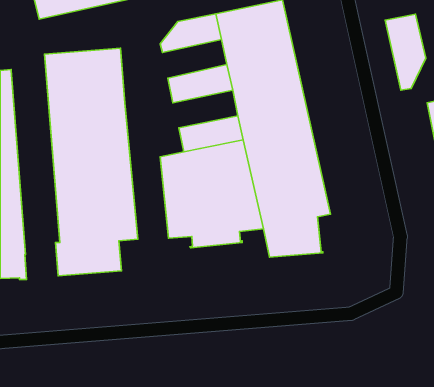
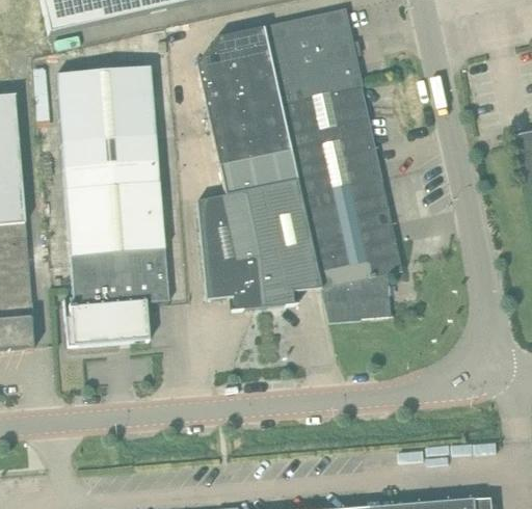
building: [385,14,426,90] -> none
building: none -> [200,55,277,102]
building: none -> [212,116,291,162]

